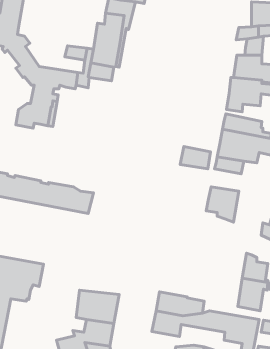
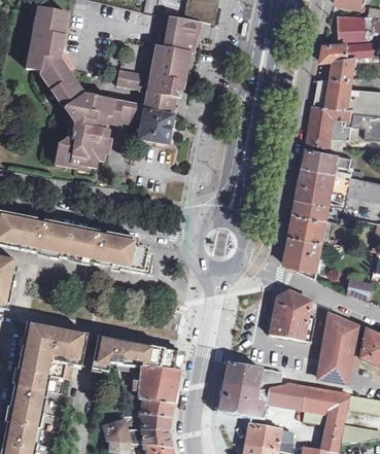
building: none -> [139,107,172,140]
building: [180,147,210,169] -> [289,216,325,243]
building: none -> [270,293,317,345]
building: none -> [94,333,183,368]

